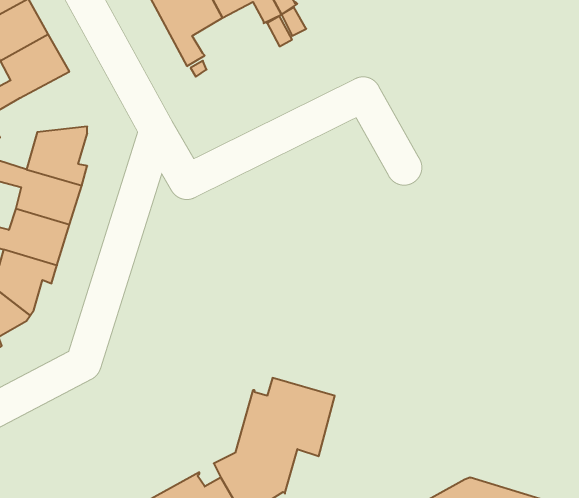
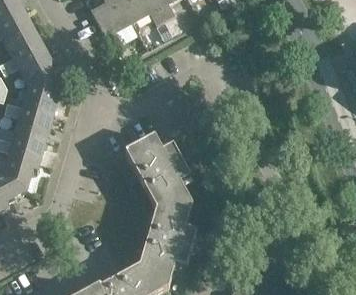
building: none -> [17,52,55,86]
building: none -> [123,136,195,234]

